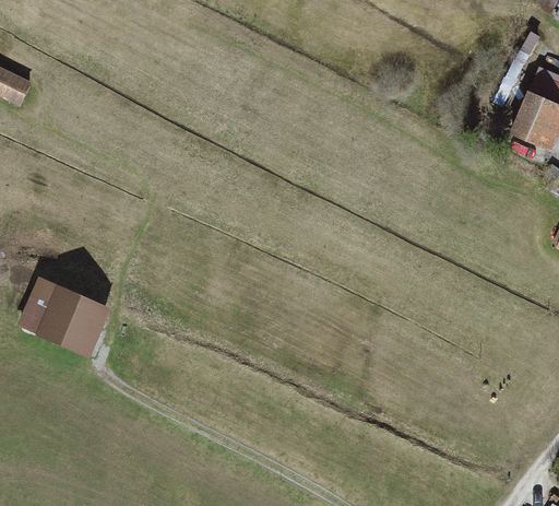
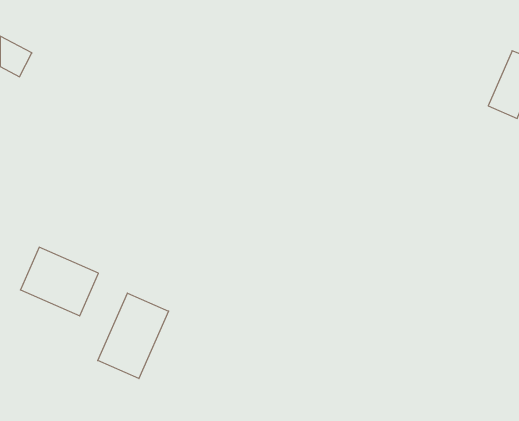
building: none -> [98,293,169,379]

